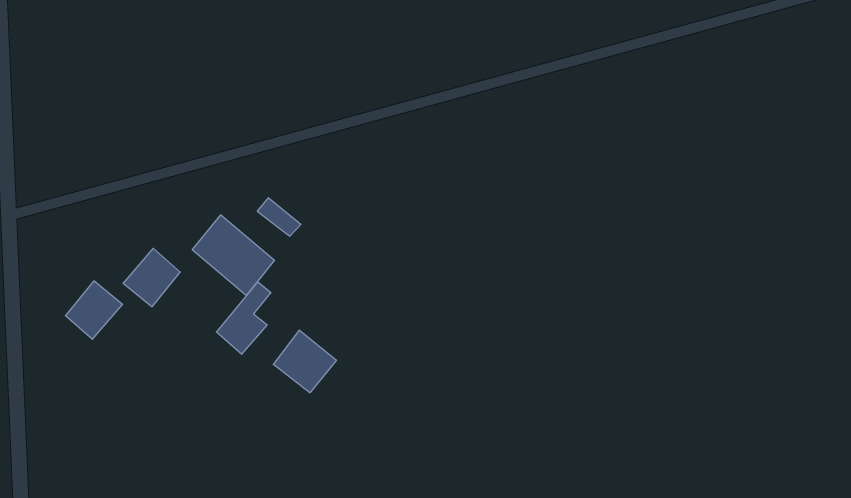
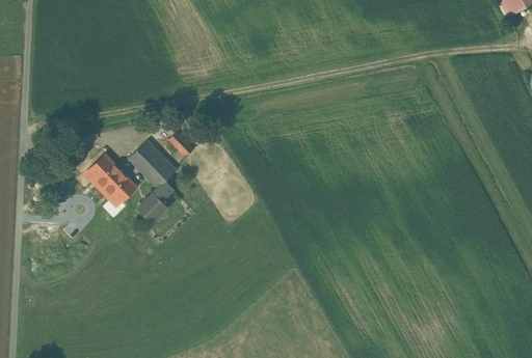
building: [65,281,123,339] -> [102,171,136,205]
building: [273,330,336,393] -> none

